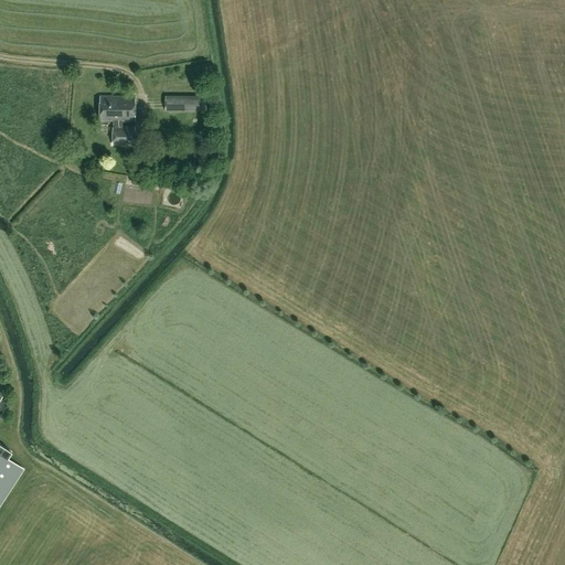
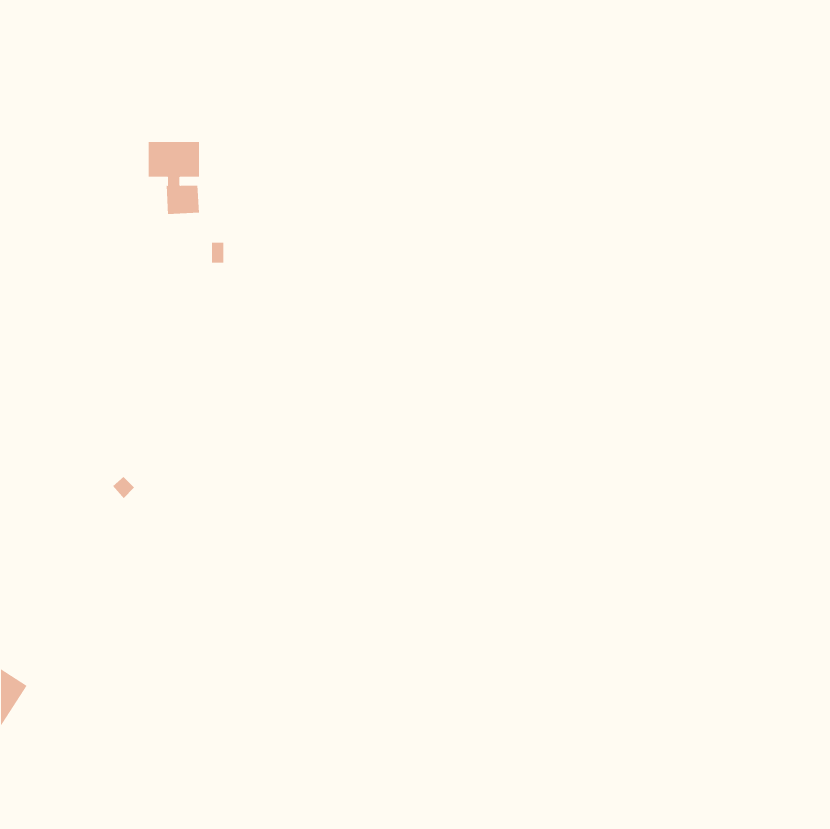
building: [166,96,206,111] -> none

